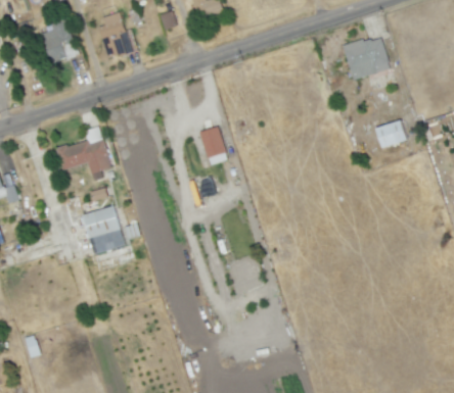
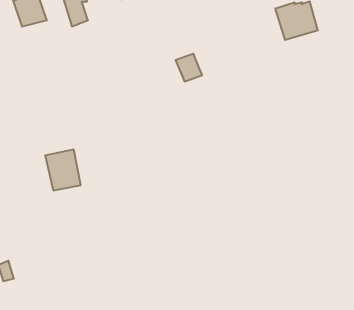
building: [374,118,409,148] -> none
building: [197,126,228,157] -> [176,54,202,81]
building: [50,127,105,181] -> none

